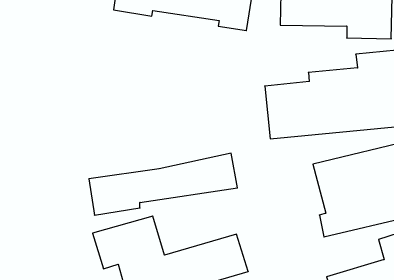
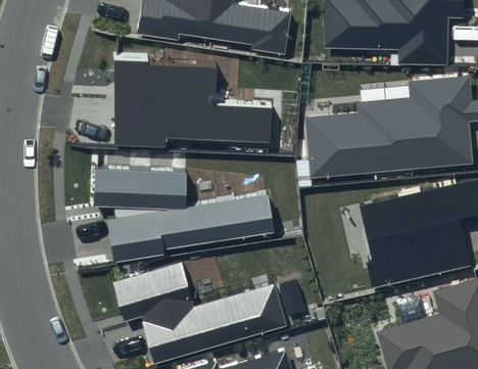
building: none -> [114,62,271,144]
building: none -> [95,169,187,210]

